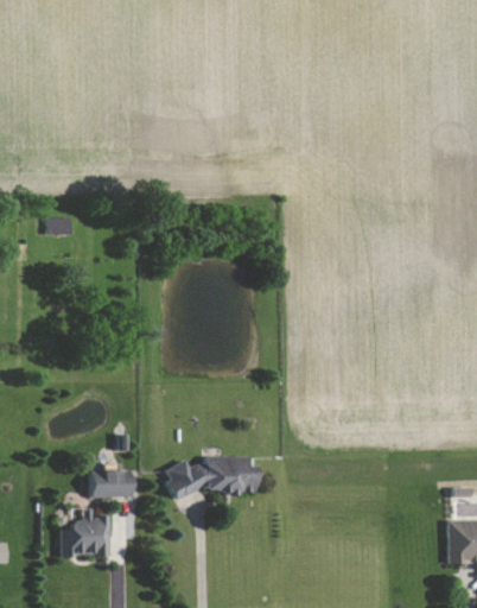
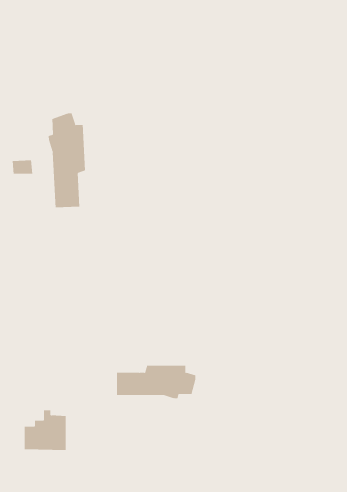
building: none -> [48,113,86,208]
building: [87,469,136,496] -> none

